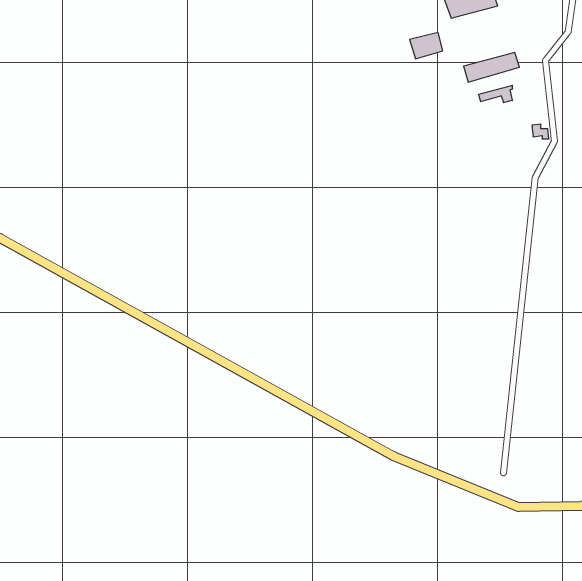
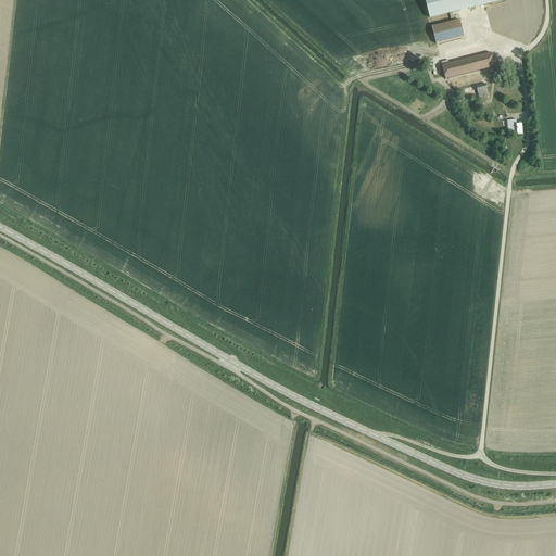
building: [410,33,443,59] -> [432,17,464,42]

